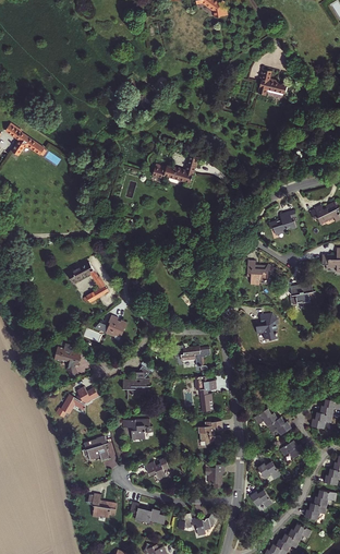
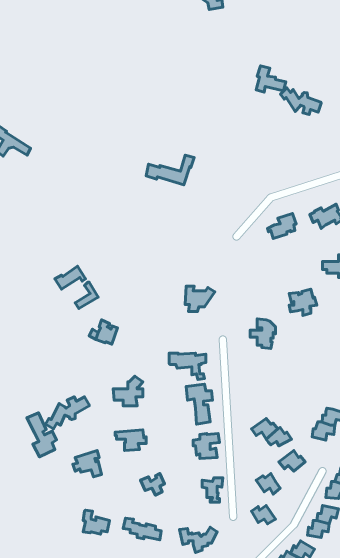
building: none -> [280,88,321,115]
building: [246,261,275,285] -> [185,286,215,311]
building: [54,344,82,373] -> none
building: none -> [27,413,56,457]

